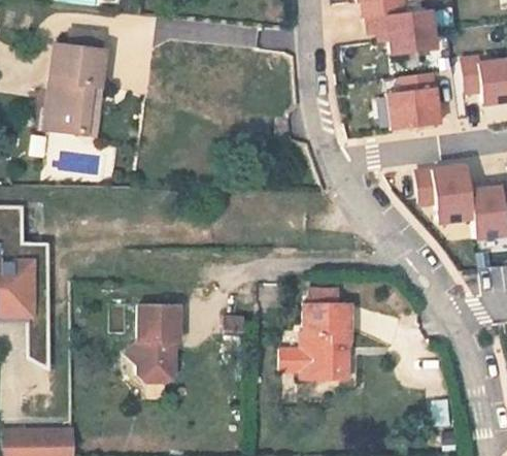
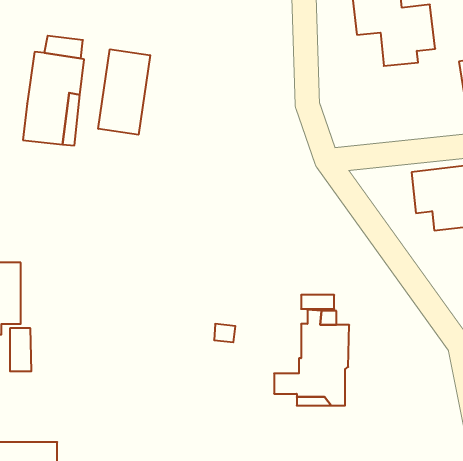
building: none -> [98,49,150,135]
building: [384,70,438,127] -> none
building: [127,312,179,391] -> none

